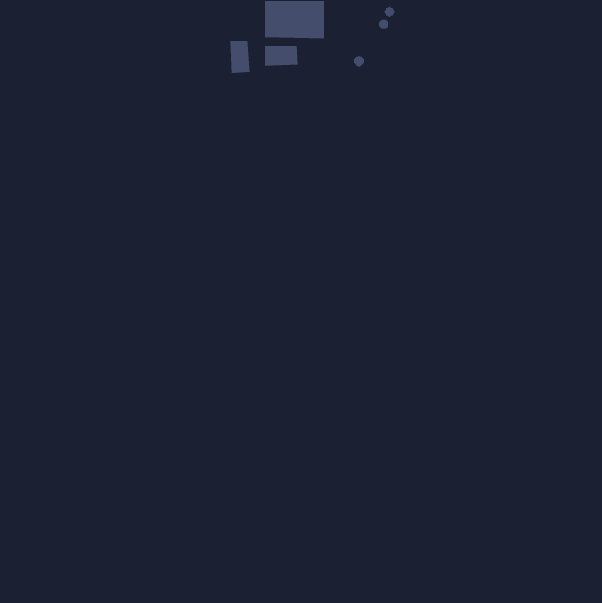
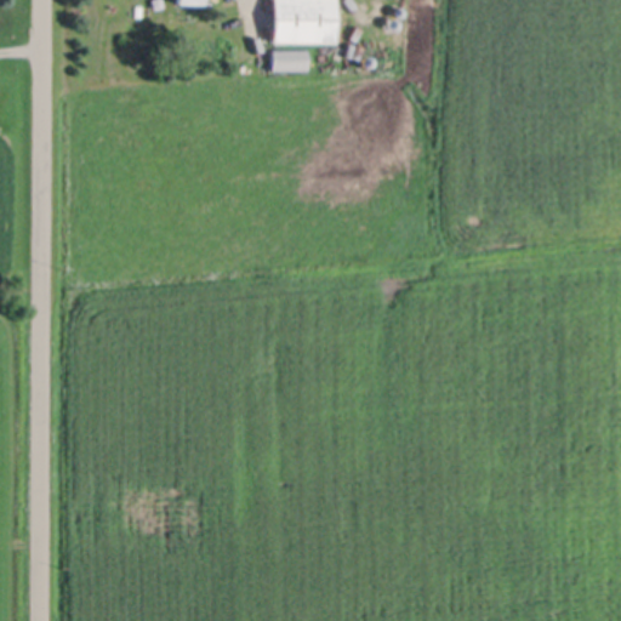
building: [230,40,250,74] -> none

